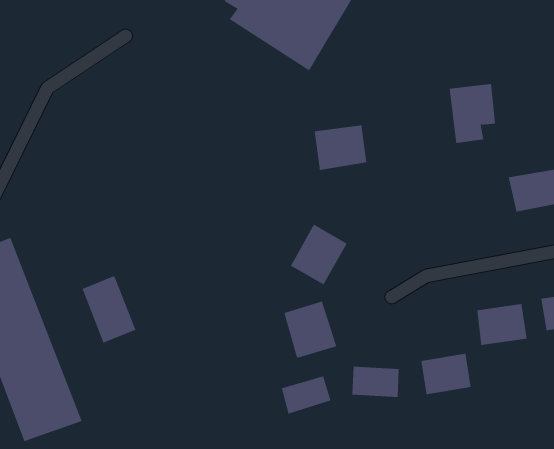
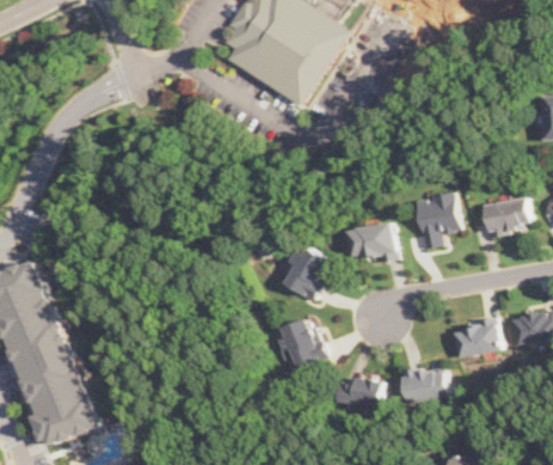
building: [449,83,496,143] -> [416,192,459,247]
building: [314,125,367,170] -> [349,221,398,263]
building: [82,275,136,343] -> none
building: [281,375,331,414] -> none

